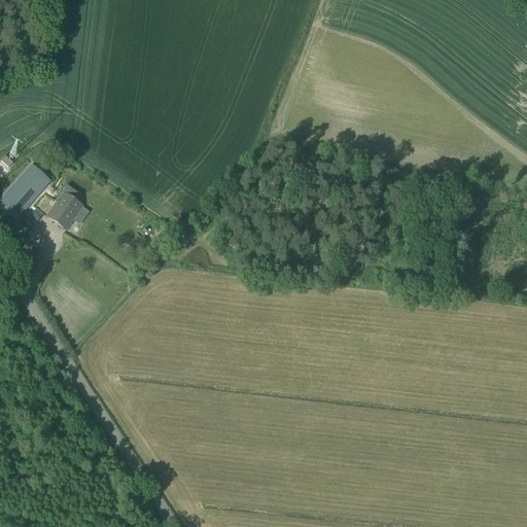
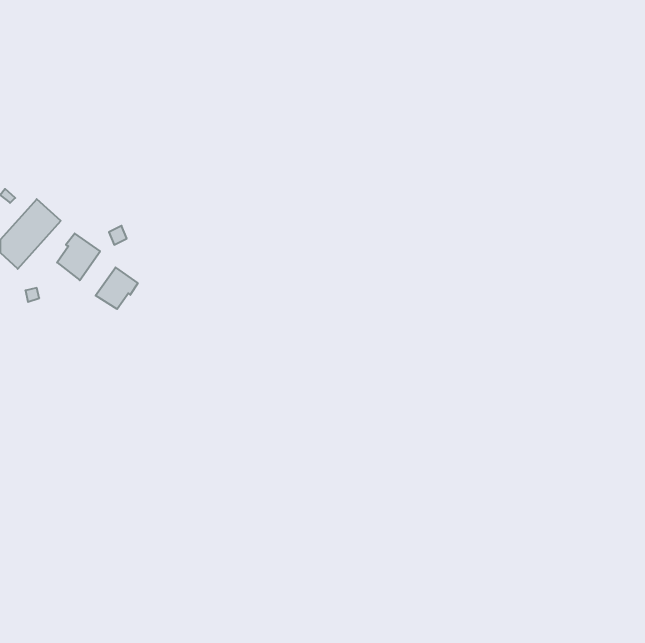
building: none -> [96,267,138,309]

